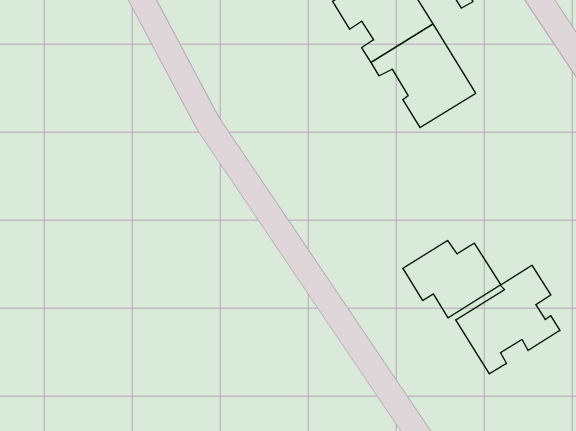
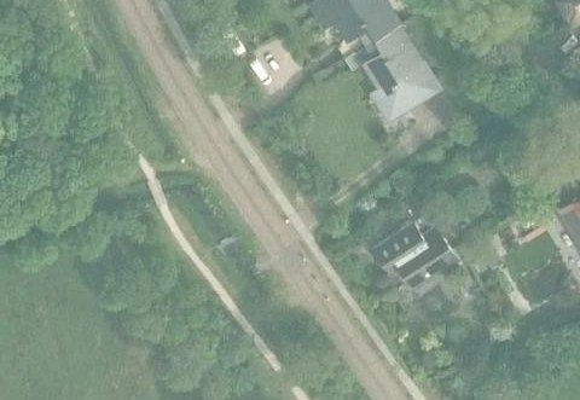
building: [456,265,560,374] -> none

